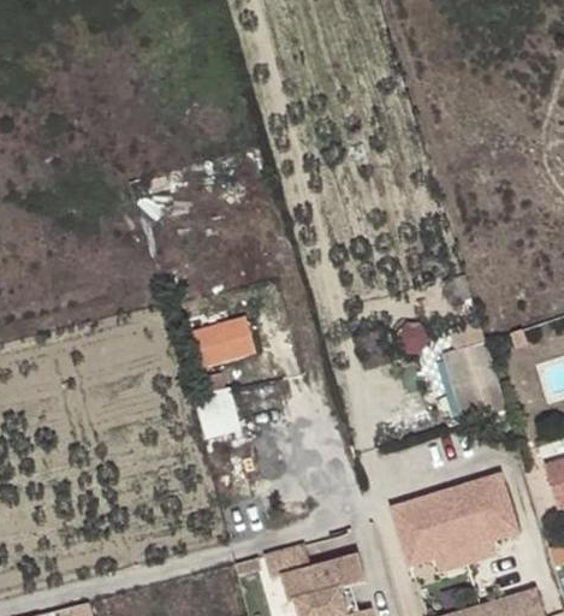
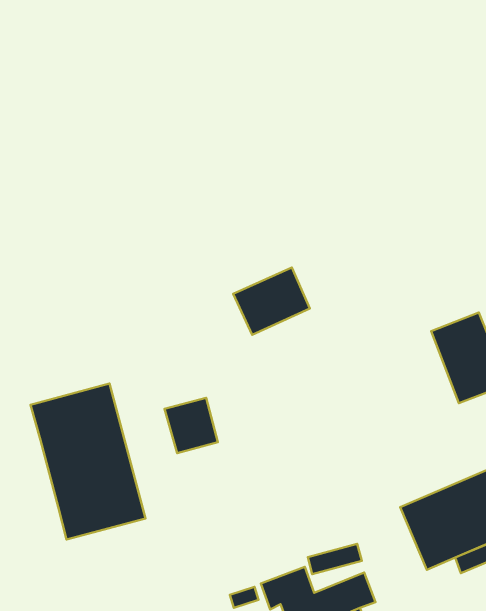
building: [186,312,254,368] -> [233,268,310,335]
building: none -> [30,384,145,540]

